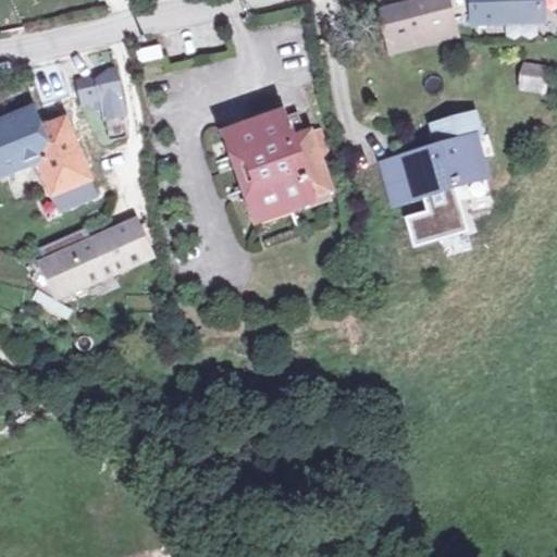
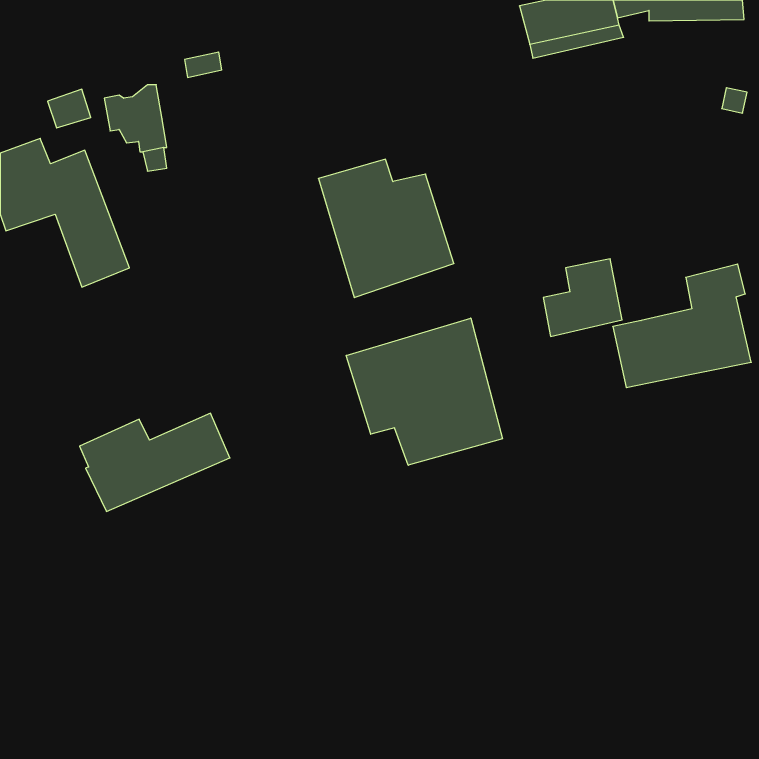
building: [379,112,480,202] -> [613,264,751,388]
building: [40,225,150,297] -> [80,413,230,511]
building: none -> [346,318,502,465]

